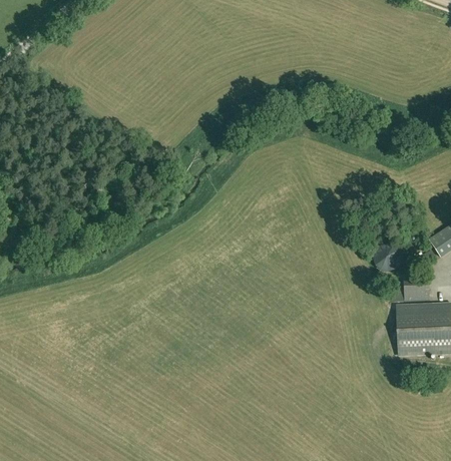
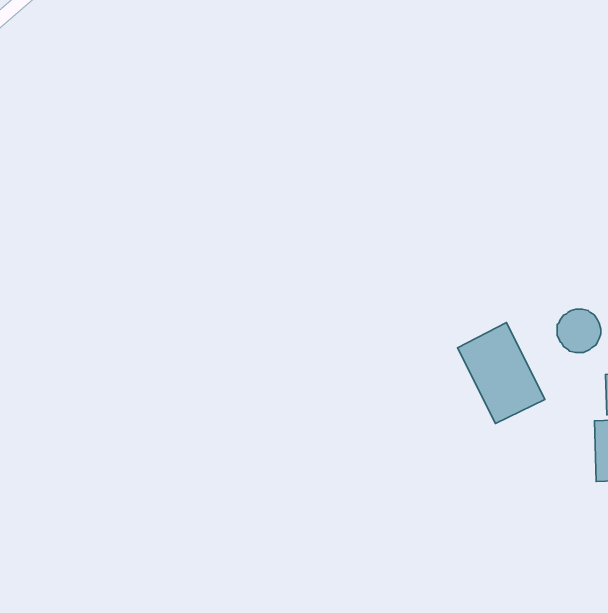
building: none -> [458,323,545,423]

